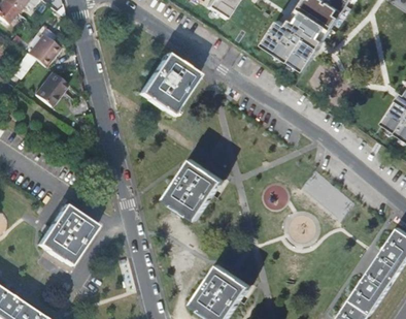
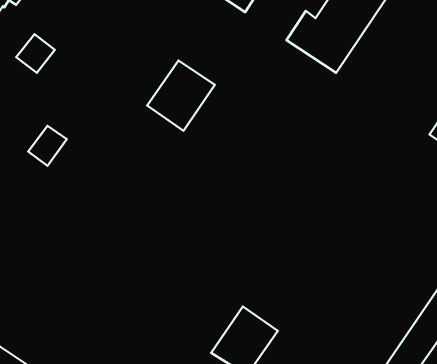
building: [35,72,68,106] -> [28,126,67,166]
building: [167,161,224,221] -> none
building: [35,205,95,267] -> none

